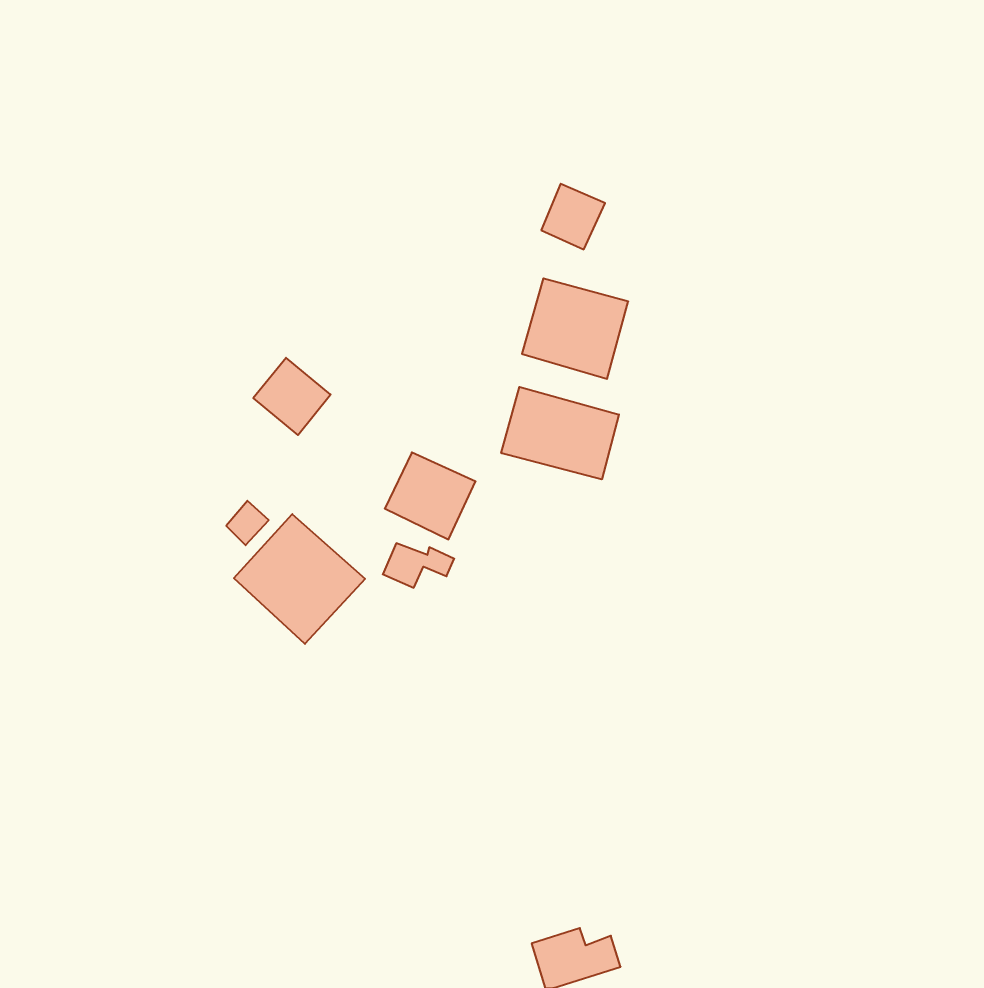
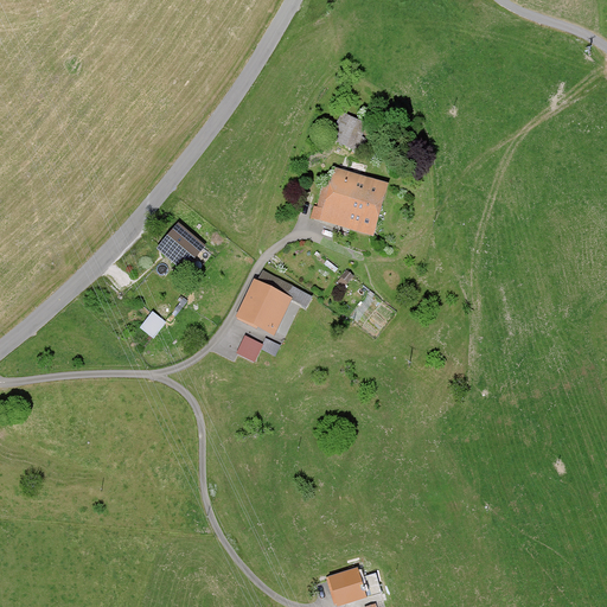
building: [501,387,619,479] -> none
building: [234,514,365,644] -> none

